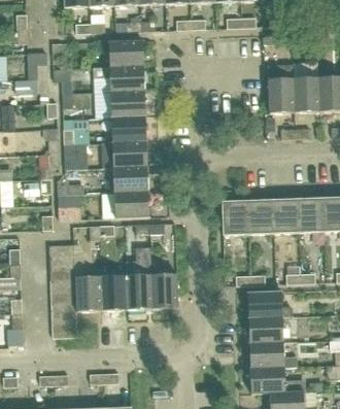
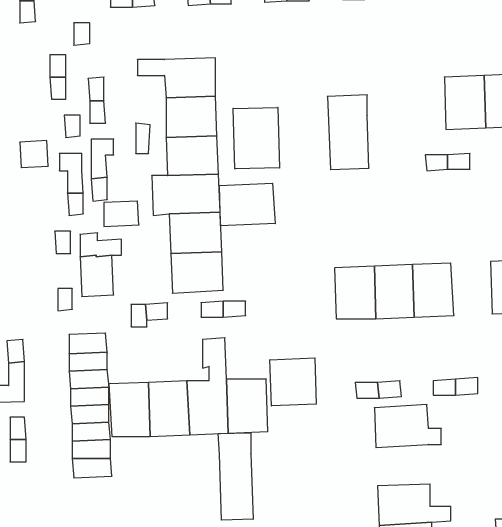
building: [110,39,144,67] -> none
building: [267,65,294,113] -> [327,95,369,170]
building: none -> [233,107,280,169]
building: none -> [219,183,275,226]
building: [297,198,324,233] -> none
building: none -> [270,358,316,406]
building: none -> [218,433,253,520]
building: [248,316,283,343] -> none

